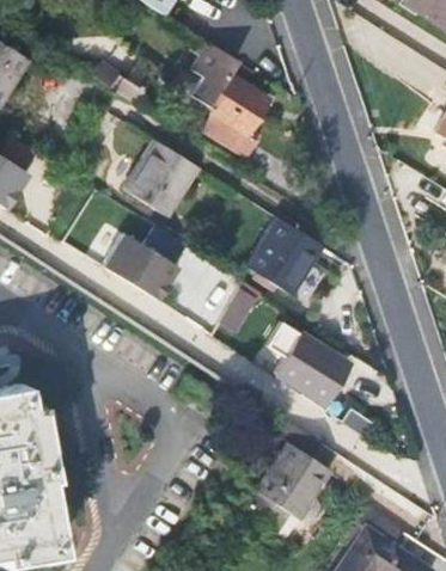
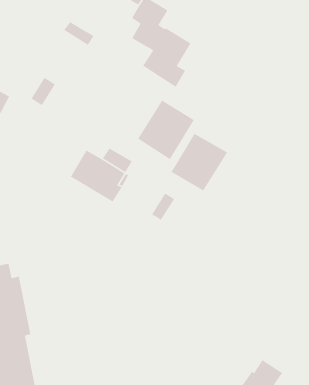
building: [122,140,197,219] -> [137,100,195,160]
building: [268,325,350,405] -> none
building: [243,431,332,534] -> none

